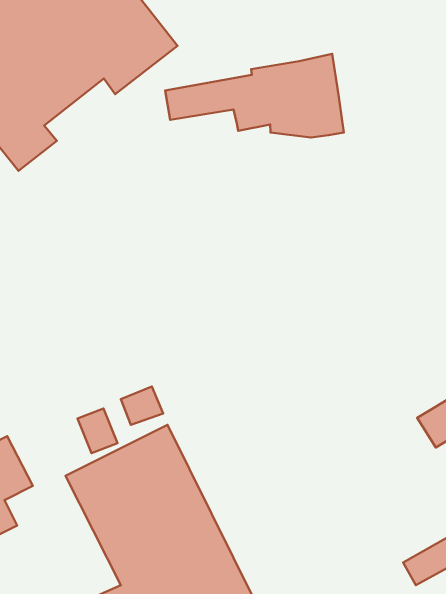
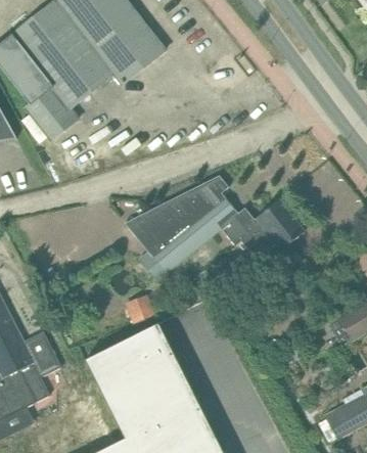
building: [165,54,344,138] -> none
building: none -> [125,179,305,272]
building: [77,408,117,453] -> none

